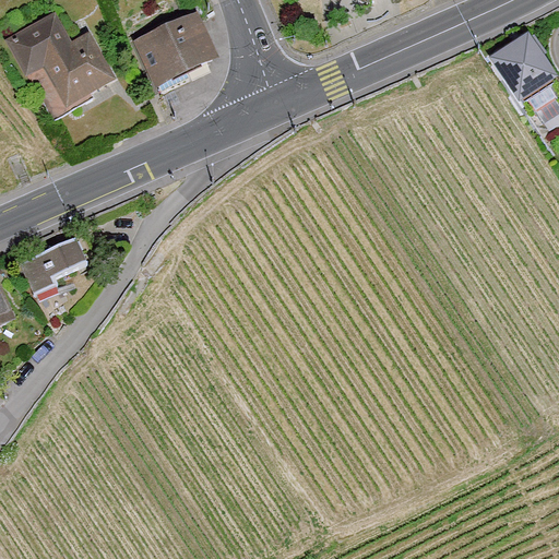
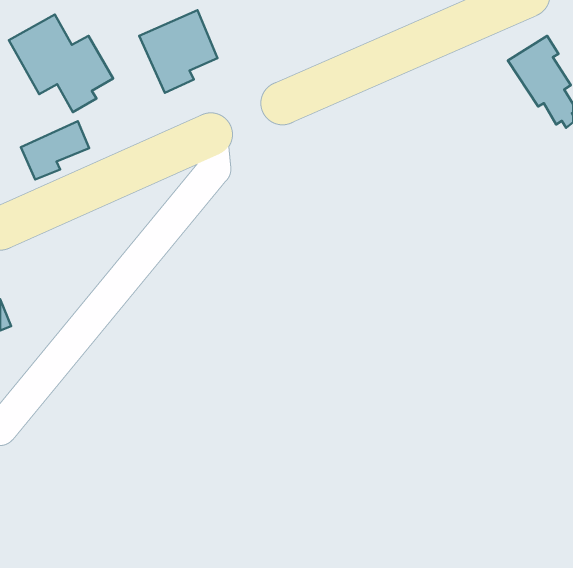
building: [20,237,86,294] -> [21,121,89,180]

